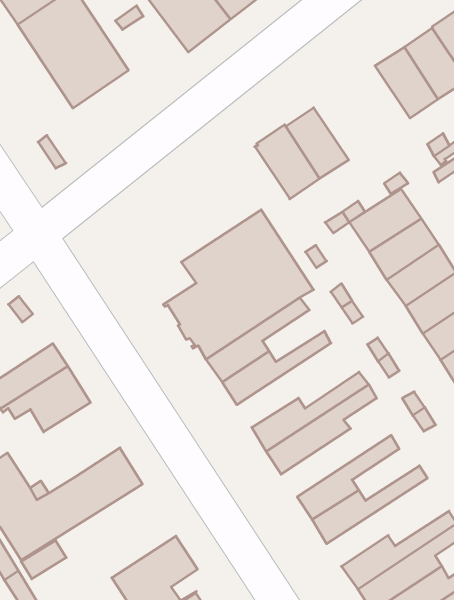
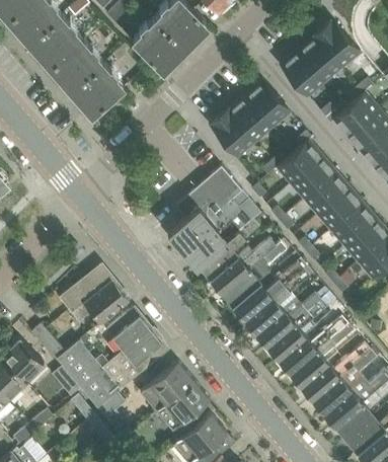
building: none -> [245,83,289,129]
building: none -> [220,243,286,306]
building: none -> [105,309,149,352]
building: none -> [253,294,320,346]
building: none -> [288,324,353,387]
building: none -> [138,362,191,412]

